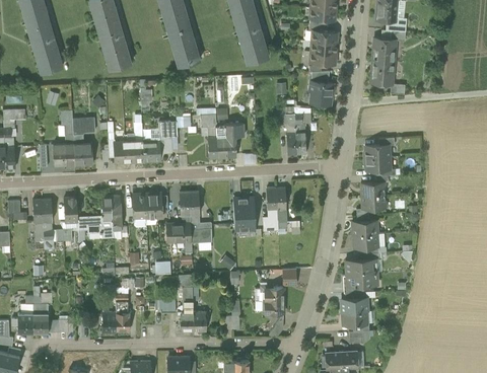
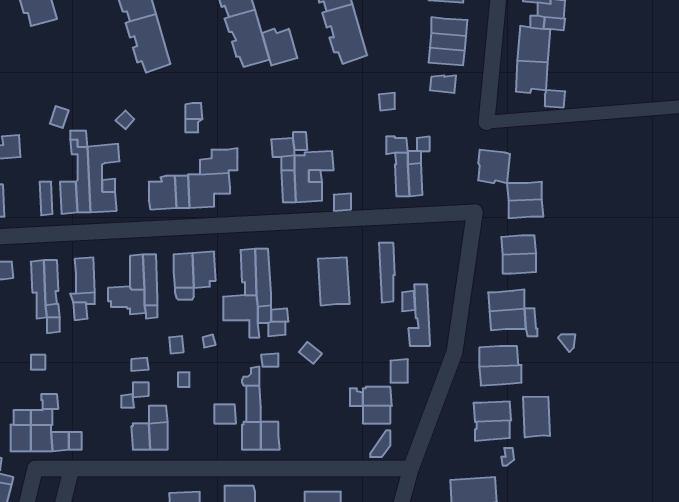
building: [30,31,62,72] -> none
building: none -> [262,29,297,66]
building: [309,81,332,104] -> [478,150,510,183]
building: [262,188,277,230] -> [408,285,430,346]
building: none -> [523,397,550,438]

